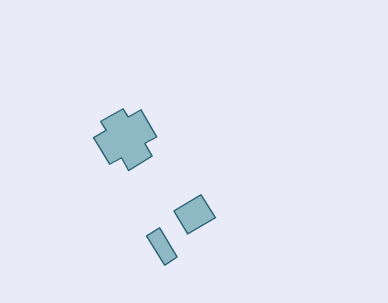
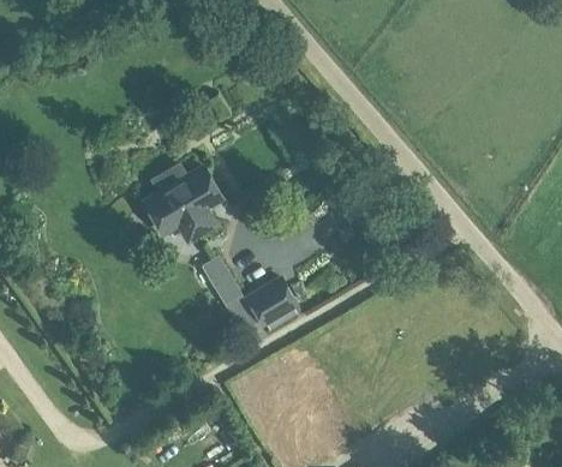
building: [146,228,177,265] -> [201,256,241,305]

